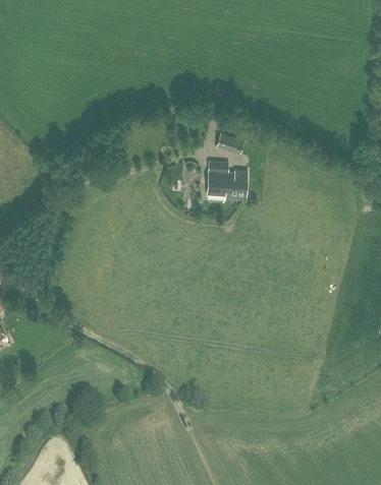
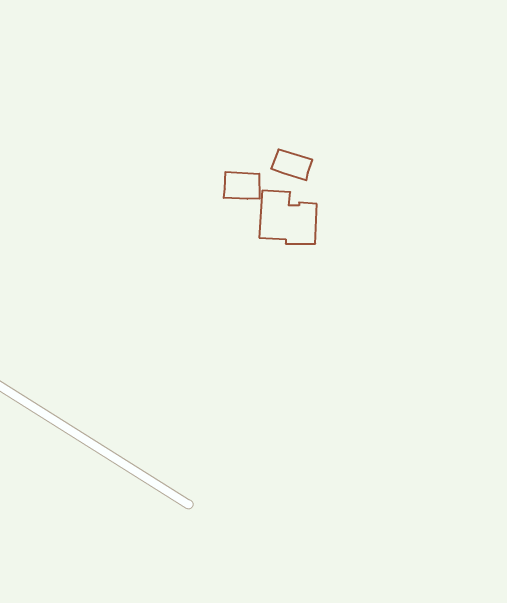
building: none -> [224,172,259,199]

